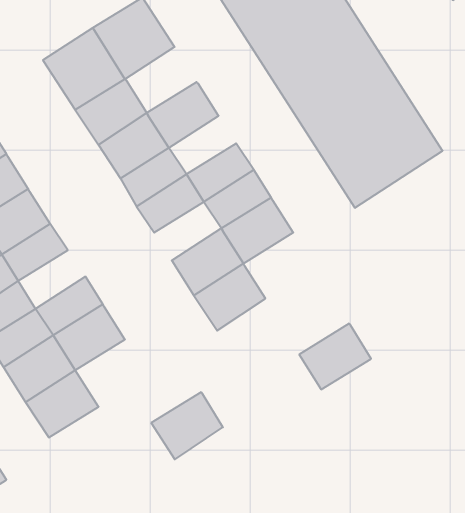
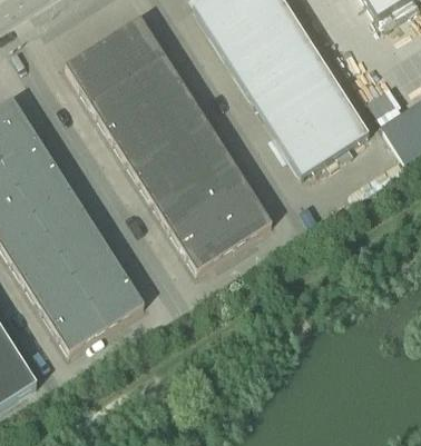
building: none -> [126,52,180,102]
building: none -> [159,105,210,149]
building: none -> [148,170,199,215]
building: none -> [45,207,96,251]
building: [299,324,371,389] -> [216,194,271,244]
building: [151,392,223,459] -> [88,275,143,326]

